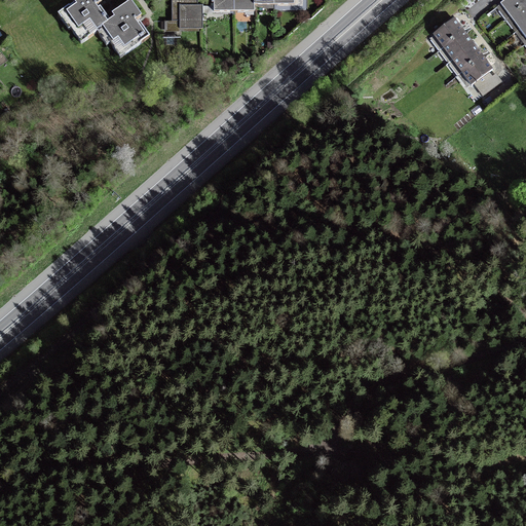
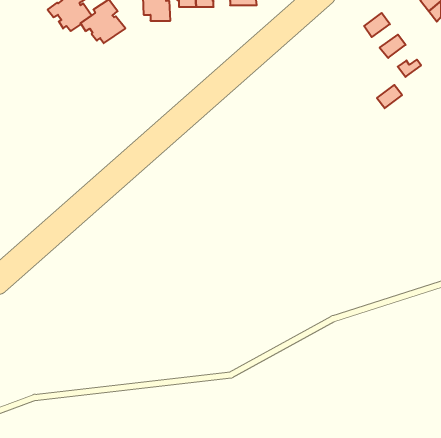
building: [442,29,473,57] -> none
building: [461,53,491,81] -> [377,85,402,108]

